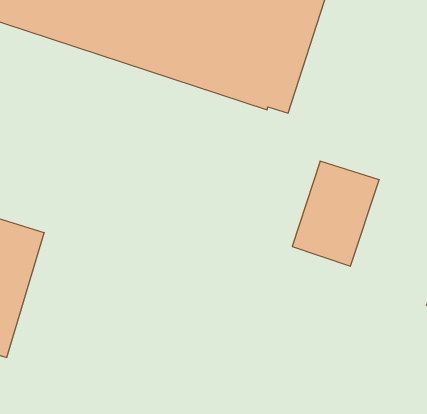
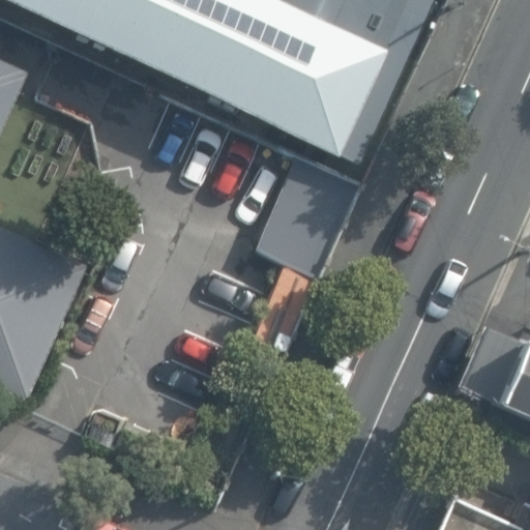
building: [292,161,379,266] -> [255,149,359,269]

